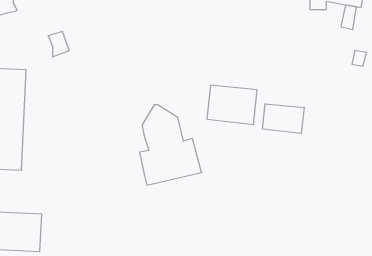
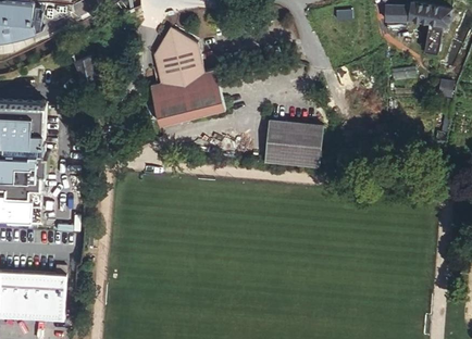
building: [263,104,304,133] -> none
building: [140,105,202,185] -> [151,32,225,127]

